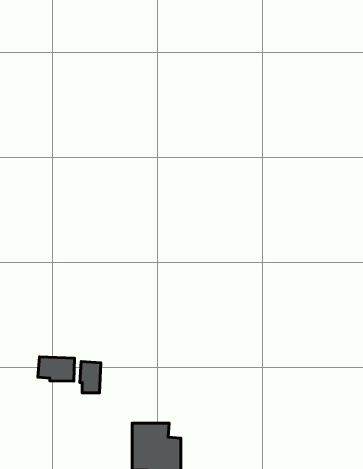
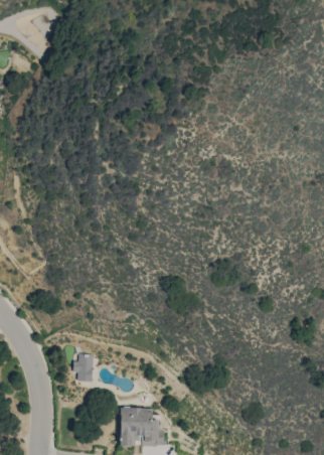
building: [38,357,74,381] -> none

